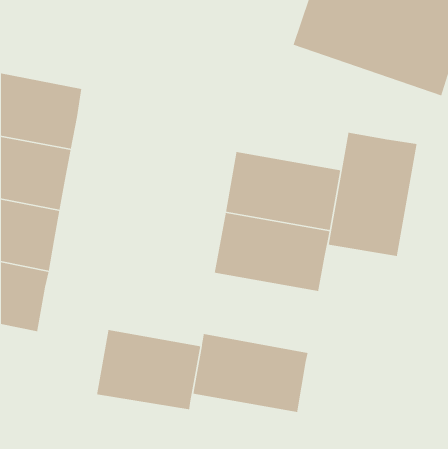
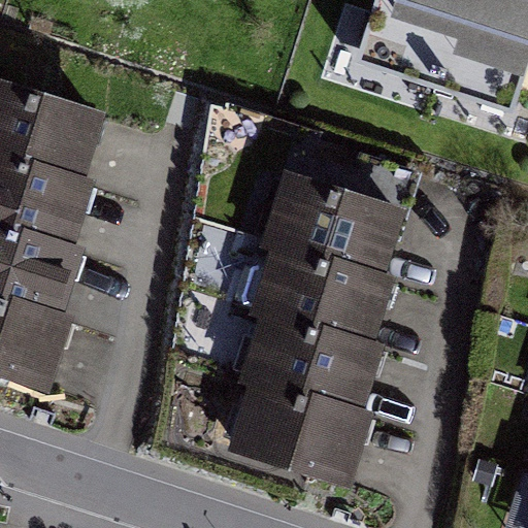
building: [328,132,418,257] -> none
building: none -> [241,319,376,411]
building: [96,329,201,410] -> none

